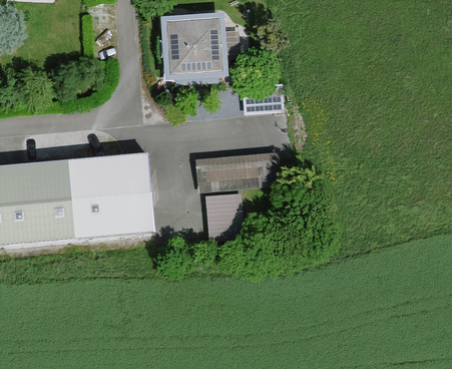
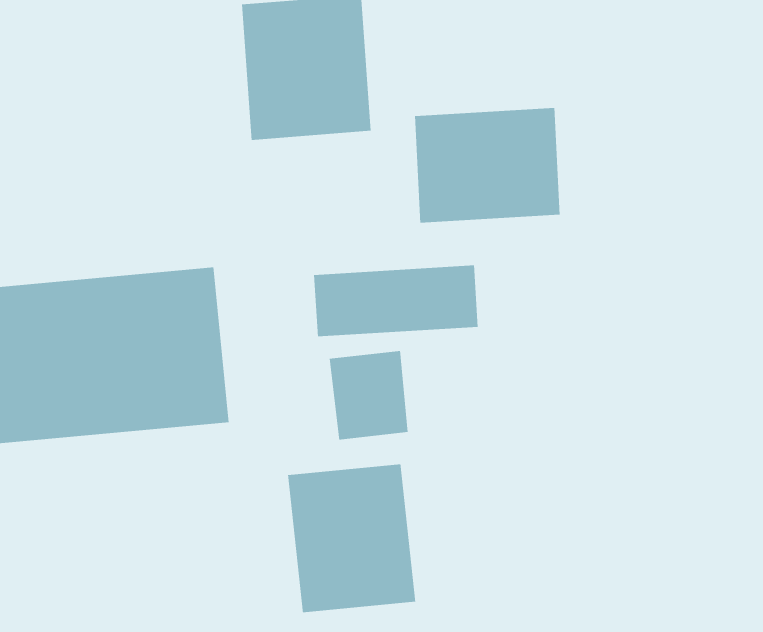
building: none -> [414,107,560,224]
building: none -> [287,463,416,613]

